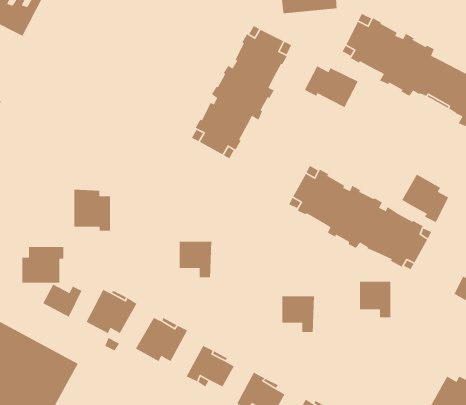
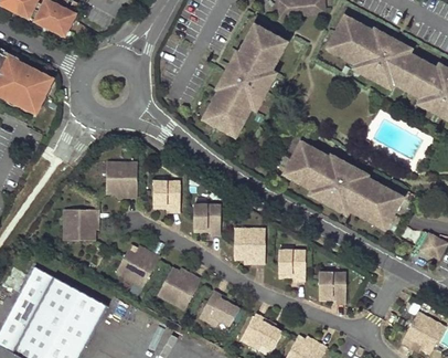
building: [304,65,359,108] -> none
building: [401,173,449,223] -> none
building: none -> [153,180,180,212]
building: none -> [234,228,265,263]
building: [359,281,391,318] -> [319,272,345,303]
building: [42,284,82,318] -> none

